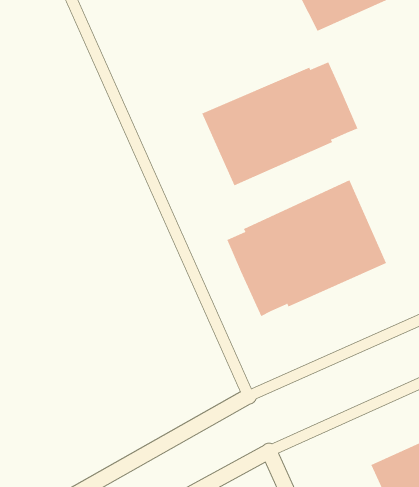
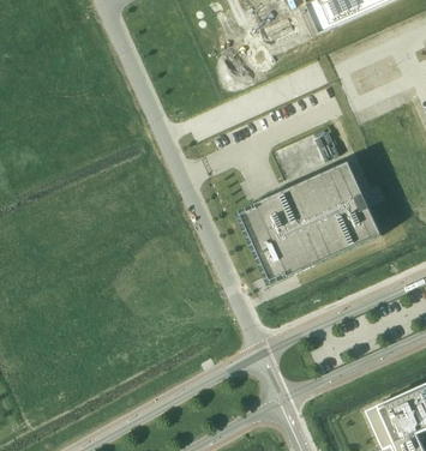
building: [202,61,358,186] -> none

